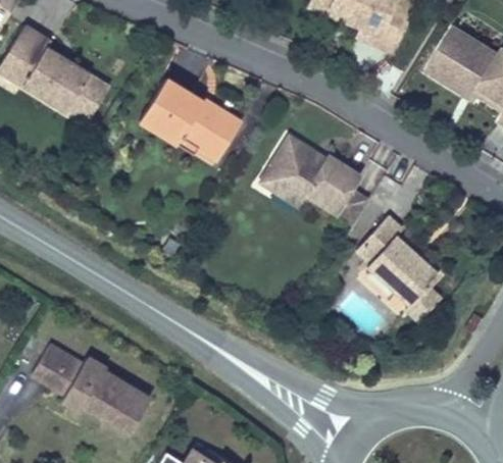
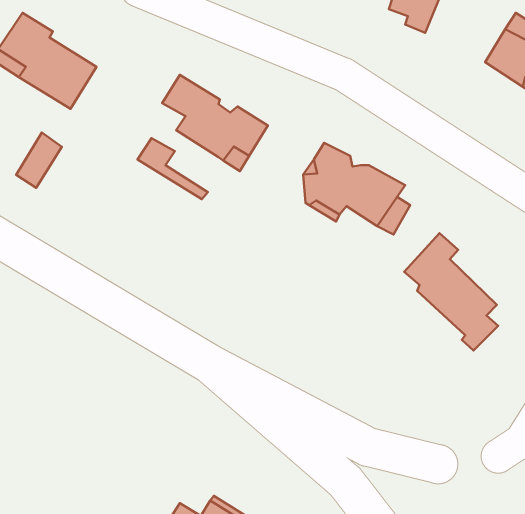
building: [69,72,109,120] -> [16,133,62,188]
building: [137,104,198,157] -> [137,138,208,199]
building: [29,345,146,434] -> none

